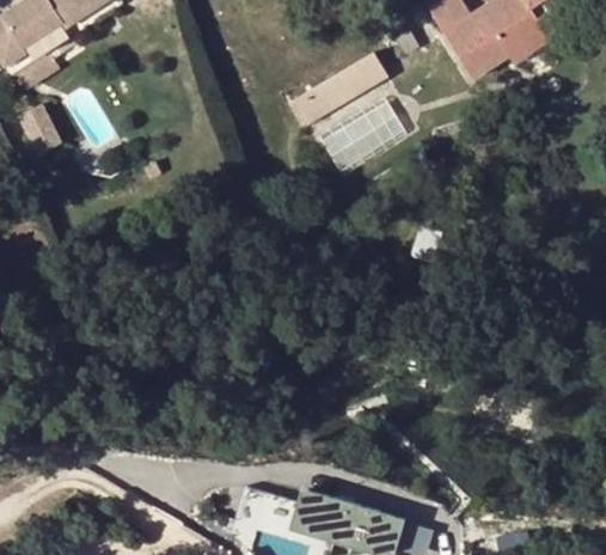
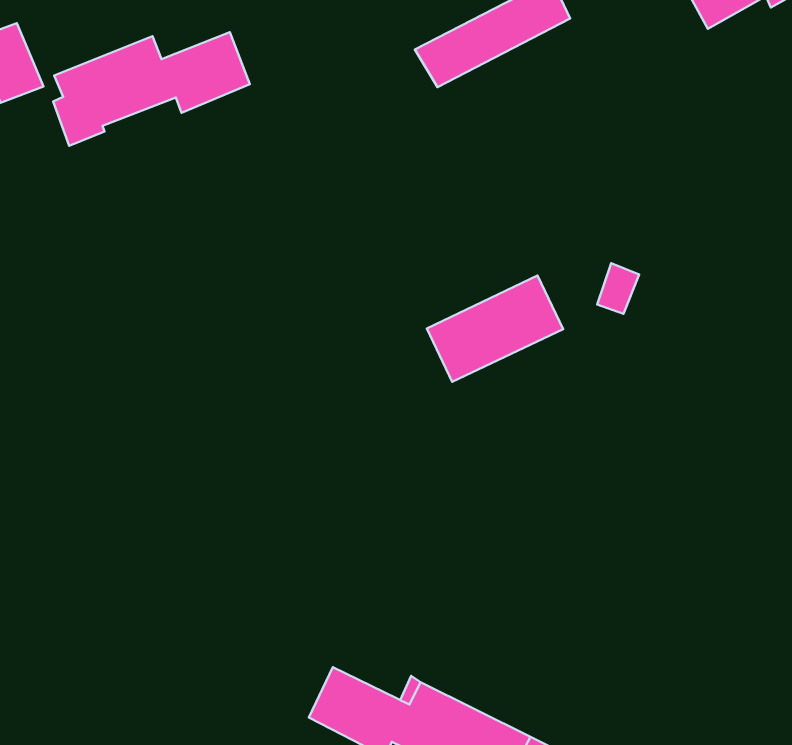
building: none -> [53,32,250,146]
building: [324,97,409,166] -> [427,276,563,382]

